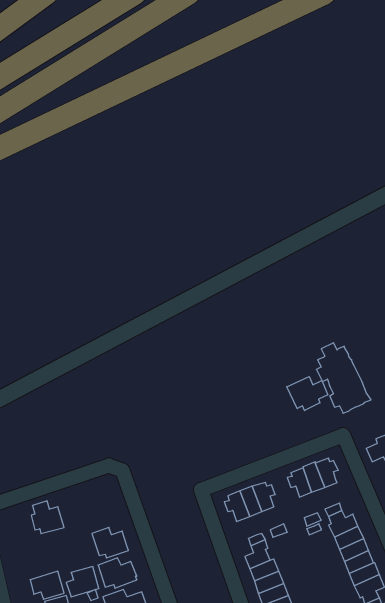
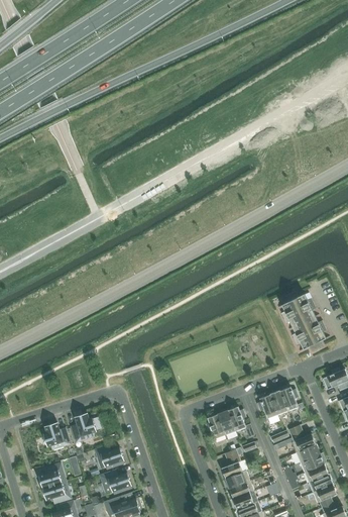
building: [287,377,328,411] -> none
building: none -> [71,413,97,442]
building: [66,567,99,597] -> [39,462,67,488]

